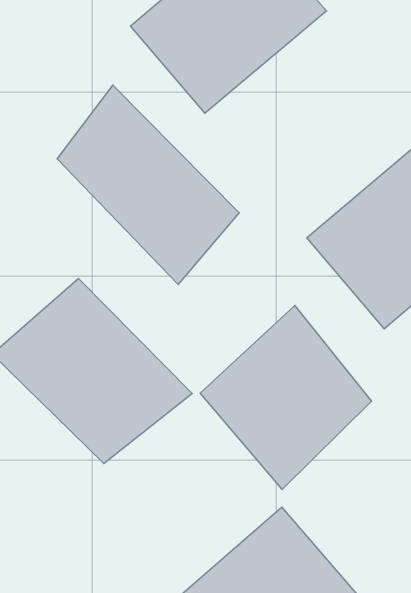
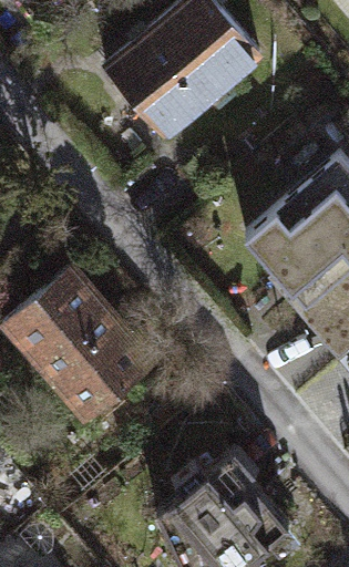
building: [57,85,239,285] -> none
building: [200,305,372,490] -> none

